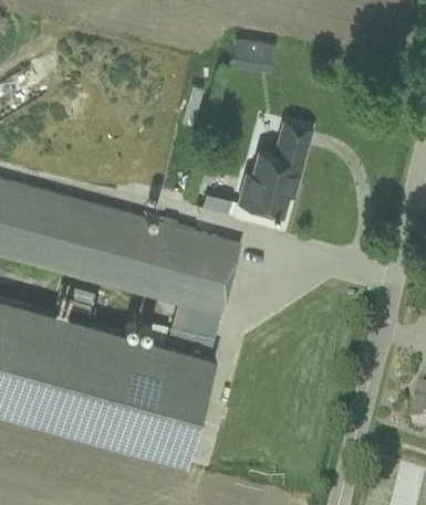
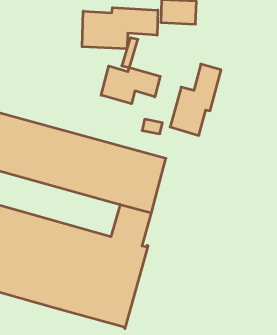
building: none -> [82,8,158,49]
building: none -> [101,66,160,104]

